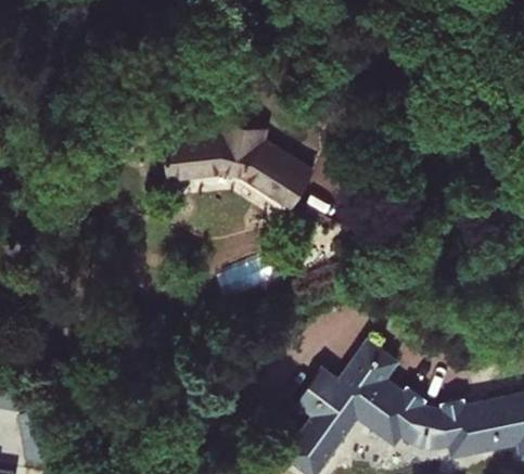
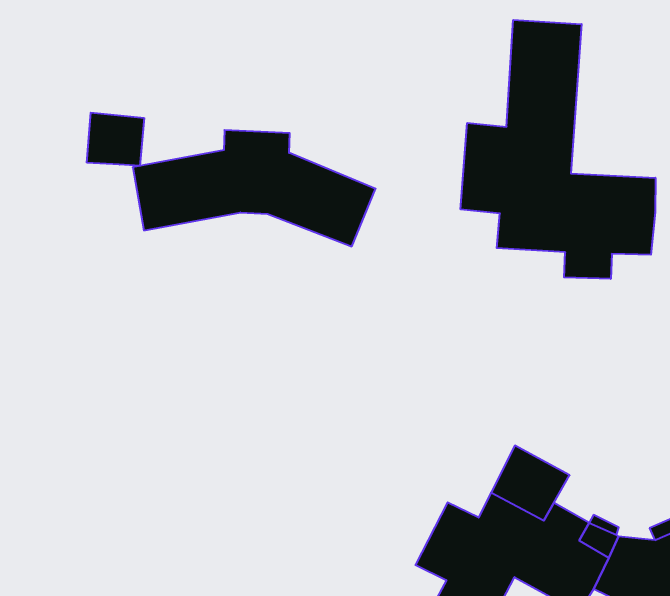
building: none -> [461,20,655,279]
building: none -> [87,113,144,166]

